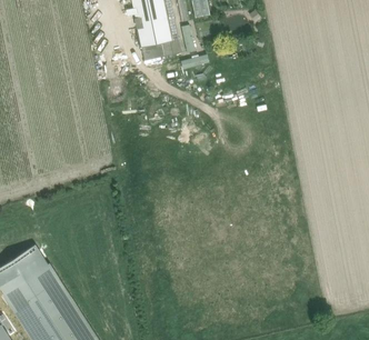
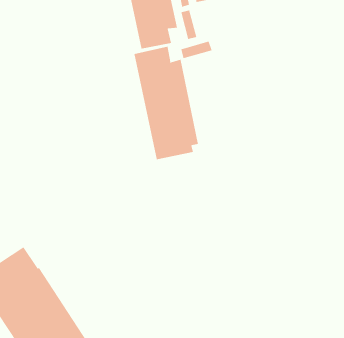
building: none -> [134,46,199,160]

